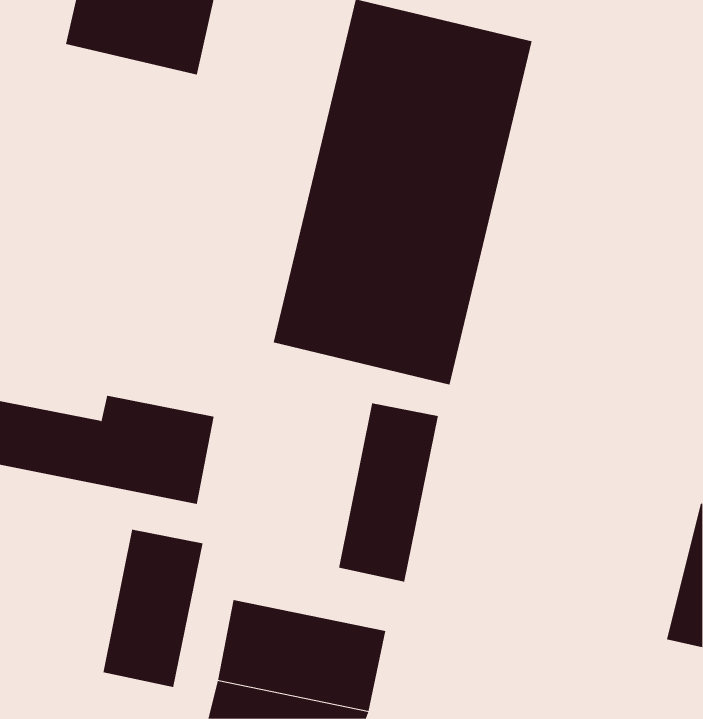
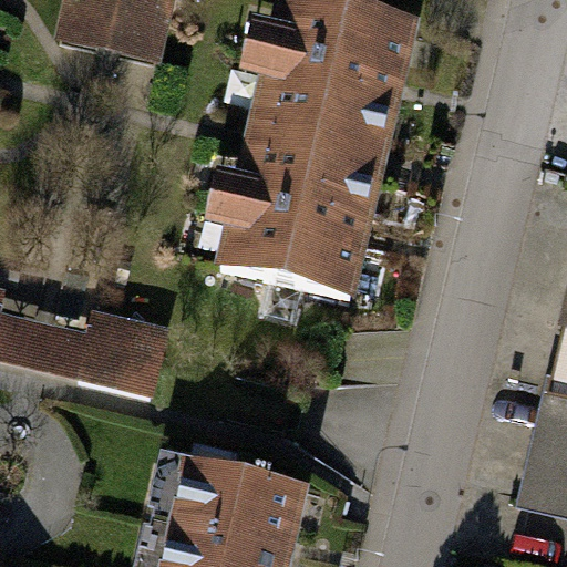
building: [338,403,438,583] -> none
building: [103,529,203,688] -> none

